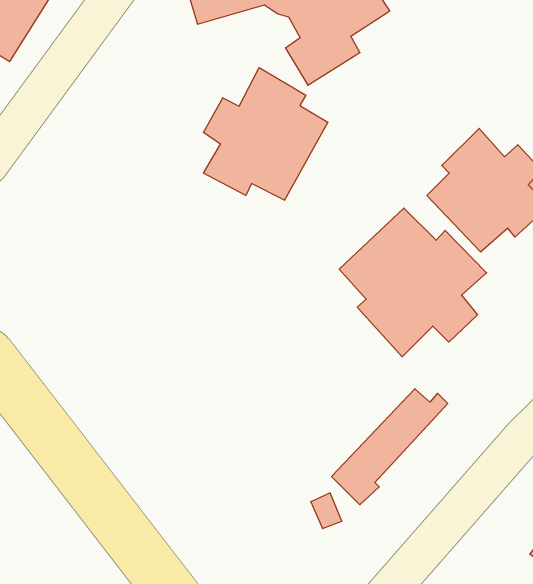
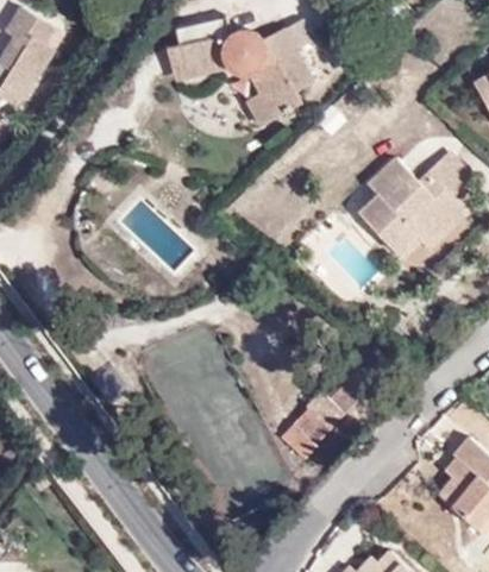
building: [204,68,328,200] -> none
building: [339,208,487,357] -> none

